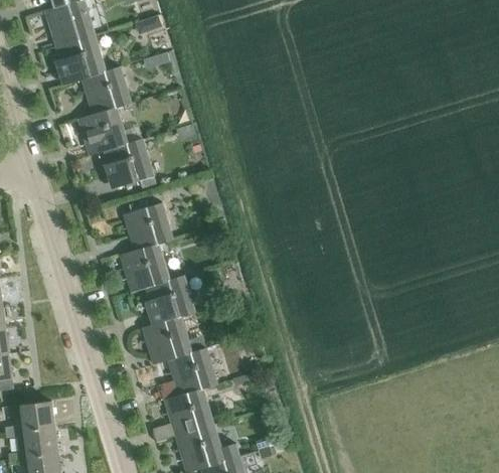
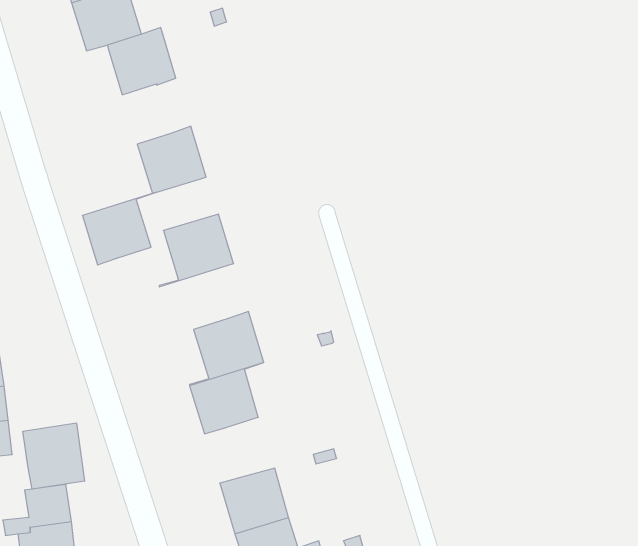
building: [76,108,128,156] -> none
building: [119,240,173,293] -> [82,192,157,265]
building: [166,347,217,397] -> none
building: none -> [23,423,84,489]

